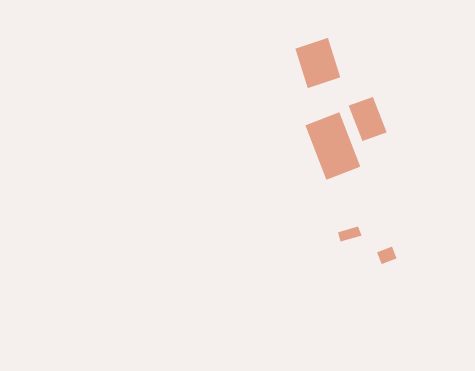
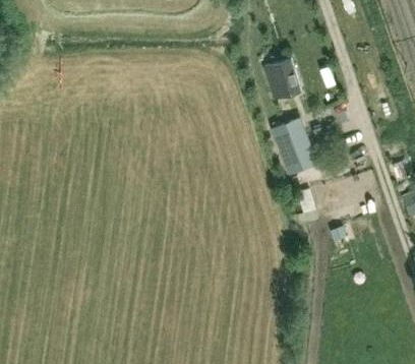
building: [348,96,387,142] -> none

